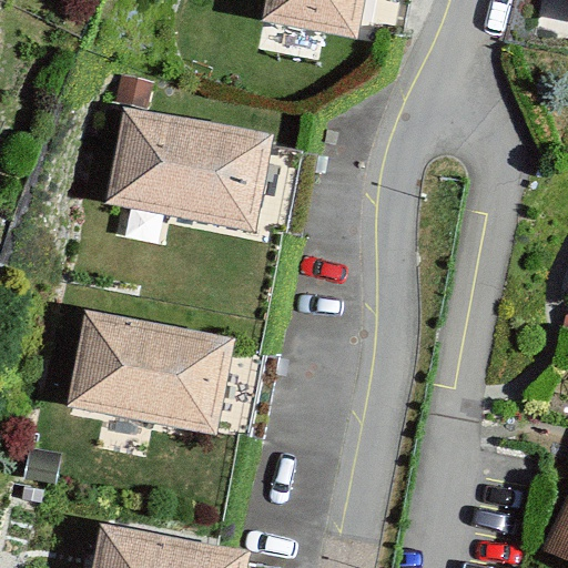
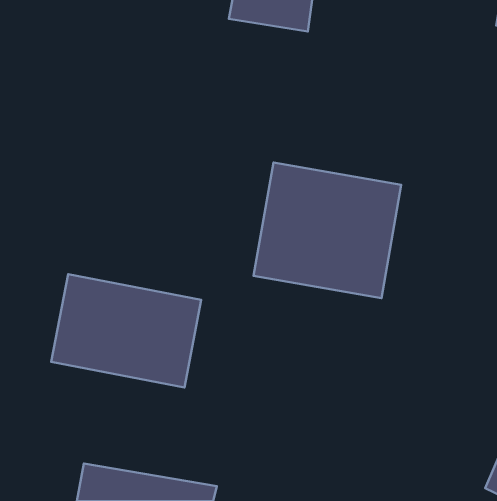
building: [109,109,272,231] -> none
building: none -> [254,163,401,298]

